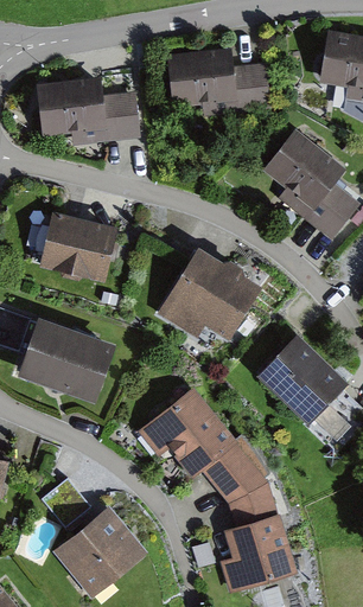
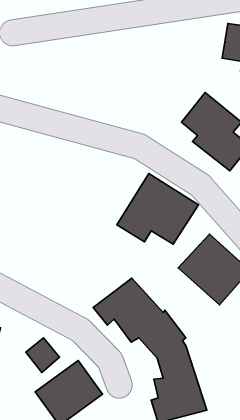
building: [165,45,270,119] -> none
building: [36,78,139,147] -> none
building: [51,213,136,287] -> none
building: [17,315,114,402] -> none

